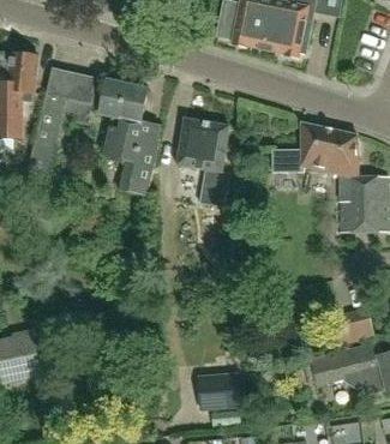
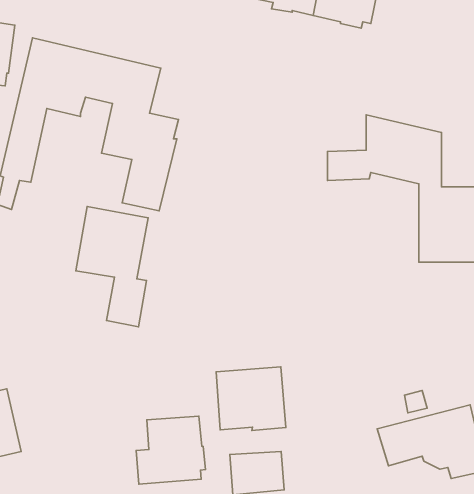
building: [176,116,230,206] -> [76,207,148,327]
building: none -> [216,367,286,431]
building: none -> [136,416,206,484]

